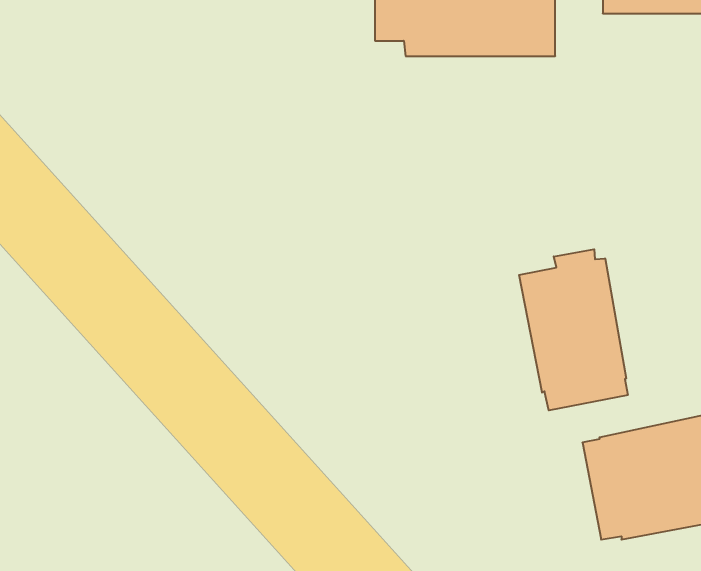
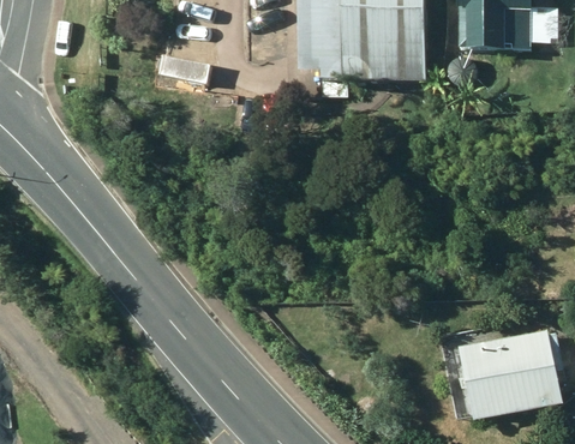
building: [519,249,628,410] -> none

